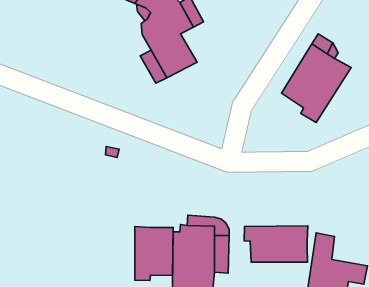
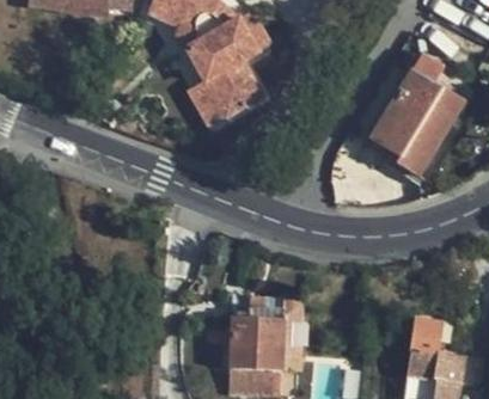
building: [244,226,308,262] -> none
building: [135,227,173,281] -> none

